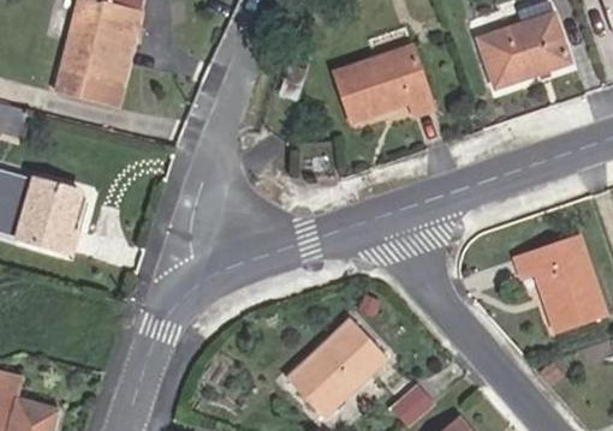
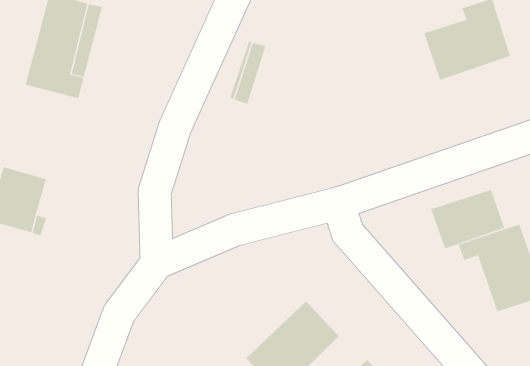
building: [333,46,430,121] -> none
building: none -> [431,189,505,249]

